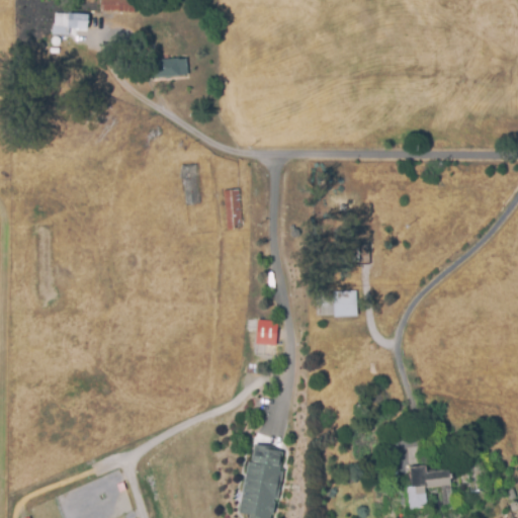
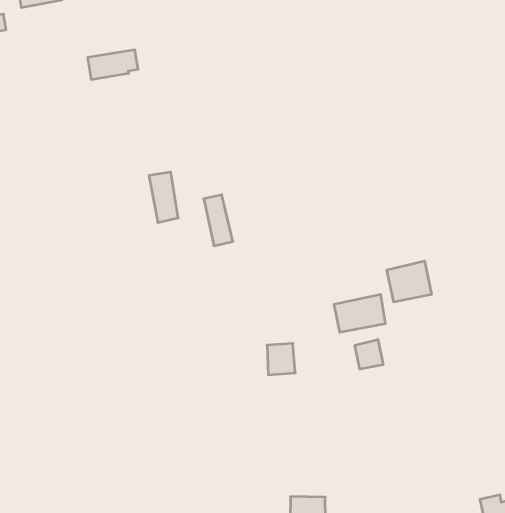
building: none -> [387,261,431,302]
building: none -> [355,339,383,369]

